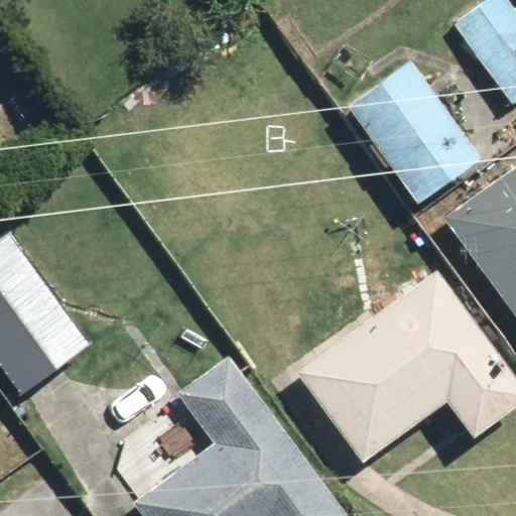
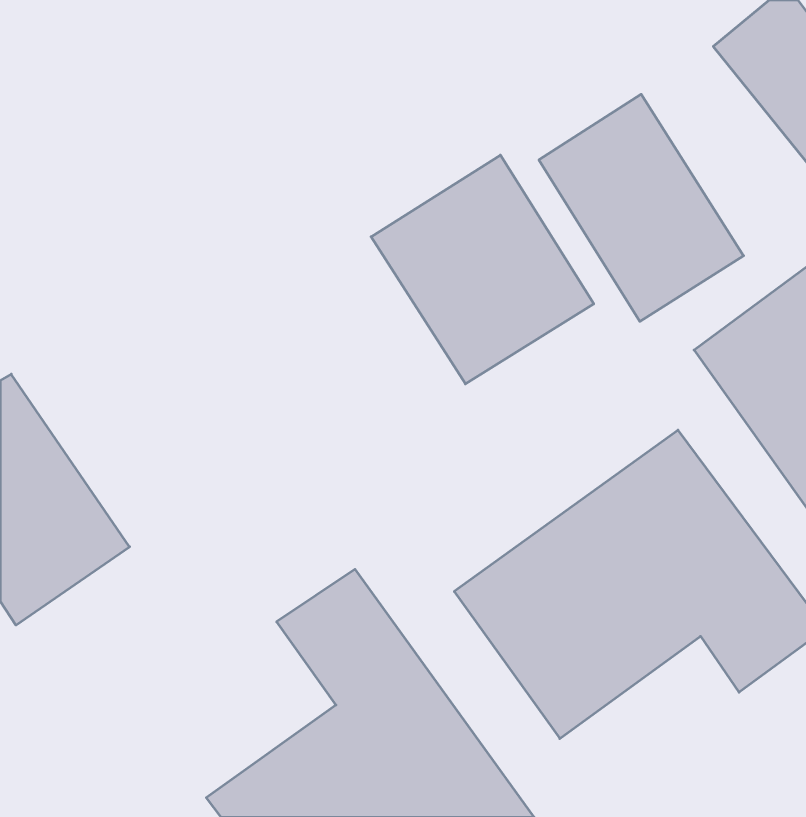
building: none -> [371,155,594,384]

